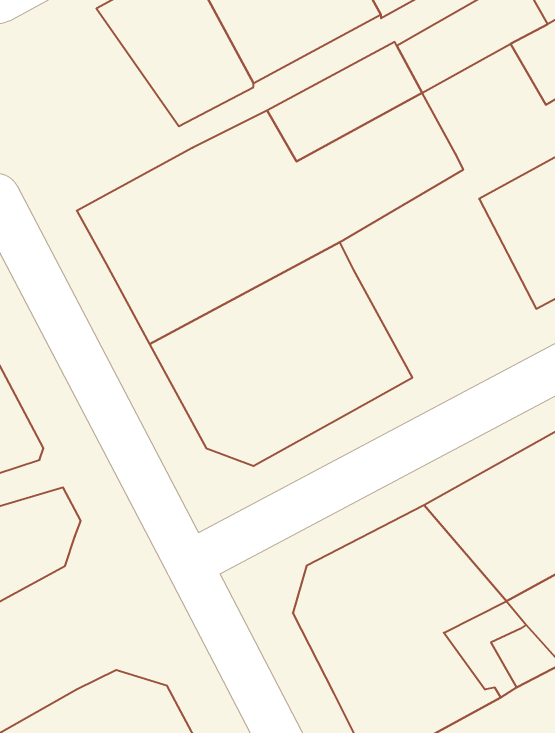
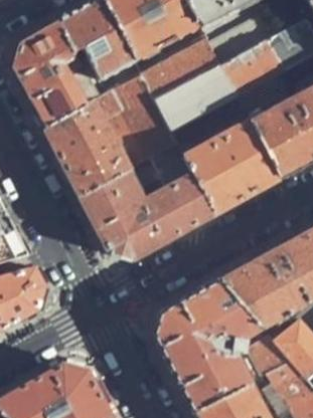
building: none -> [10,24,102,128]
building: none -> [219,42,283,98]
building: none -> [184,122,278,213]

